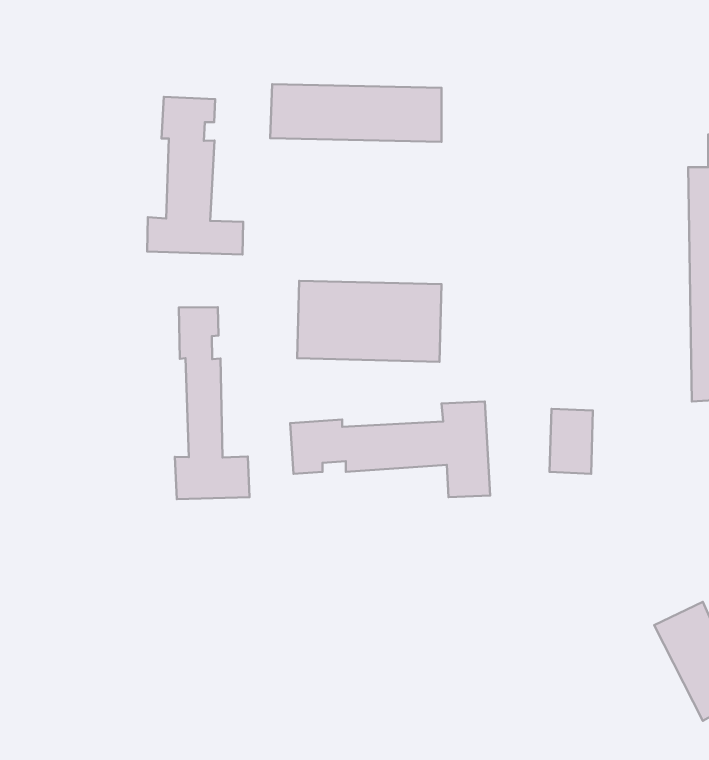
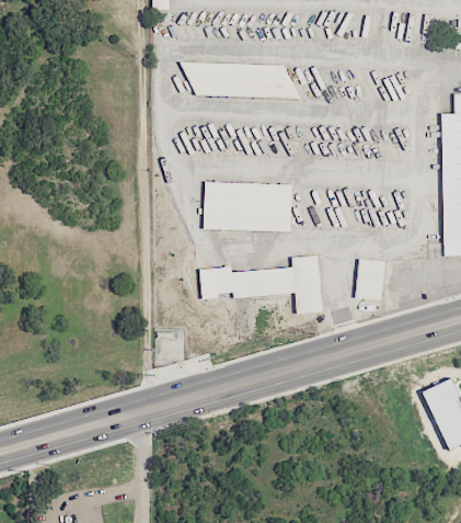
building: [147,97,243,255] -> none
building: [175,307,249,499] -> none

